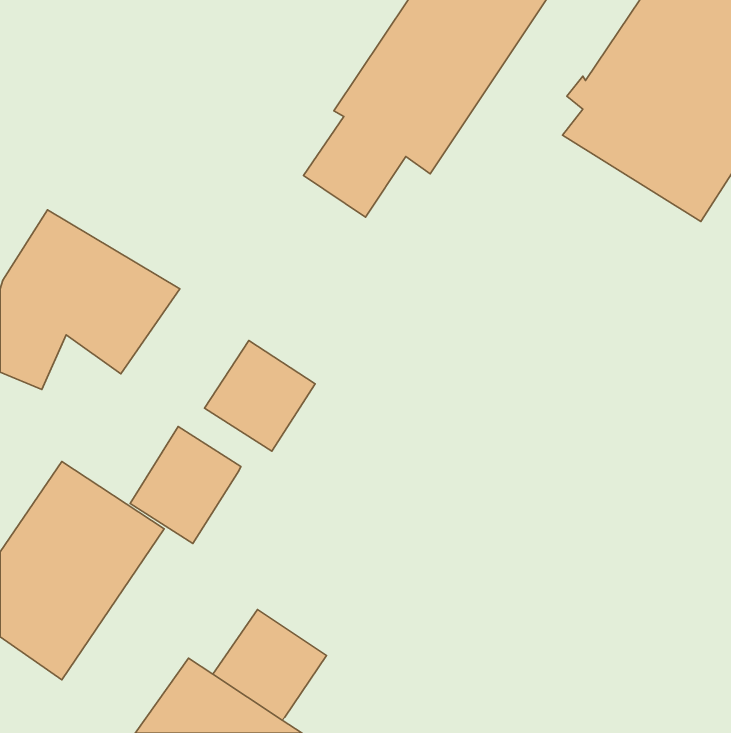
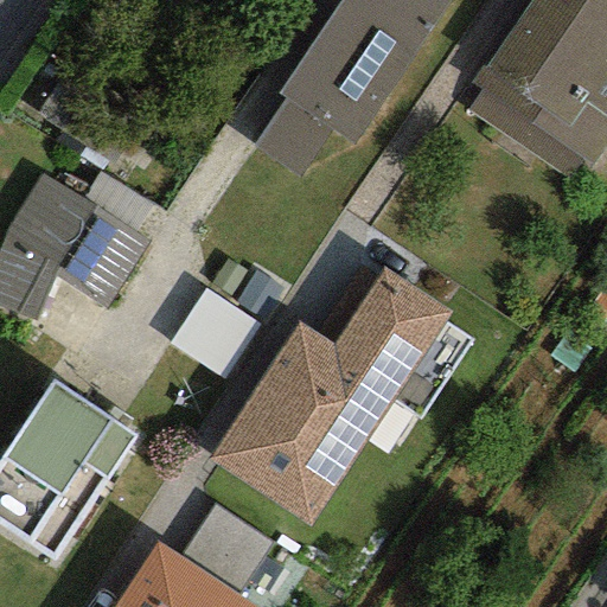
building: none -> [210,267,454,526]
building: [130,427,241,543] -> none

